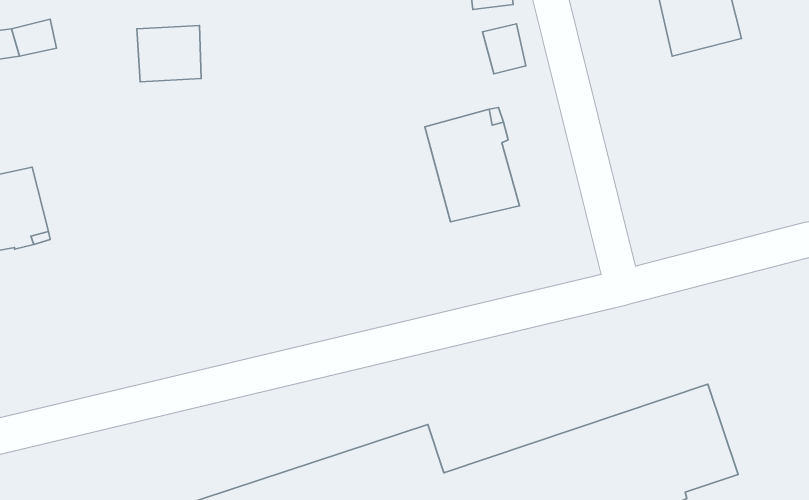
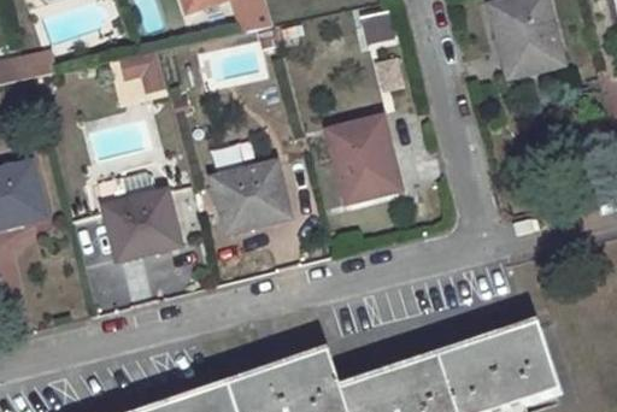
building: none -> [212,164,288,233]
building: none -> [99,172,178,259]

